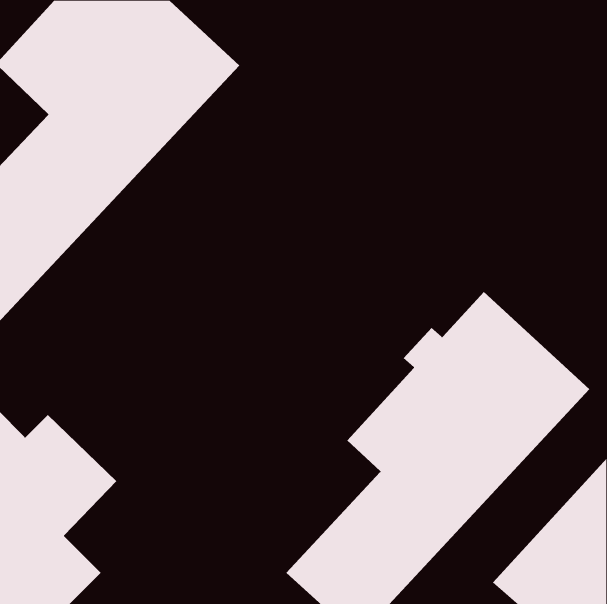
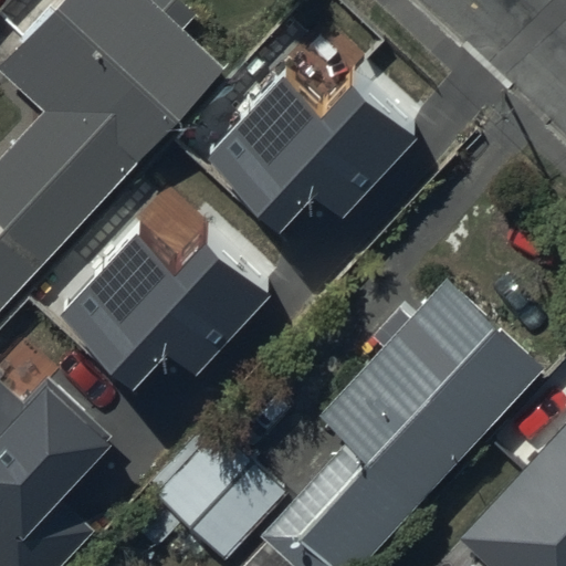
building: none -> [205,70,422,232]
building: none -> [57,231,274,388]
building: none -> [155,430,284,558]

